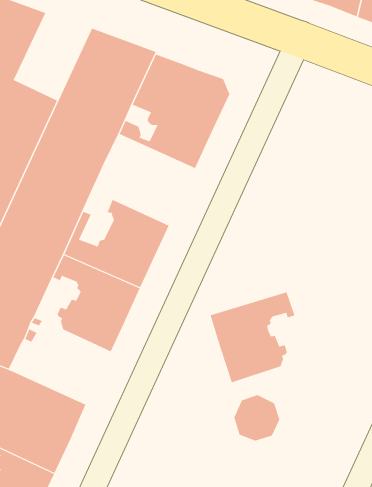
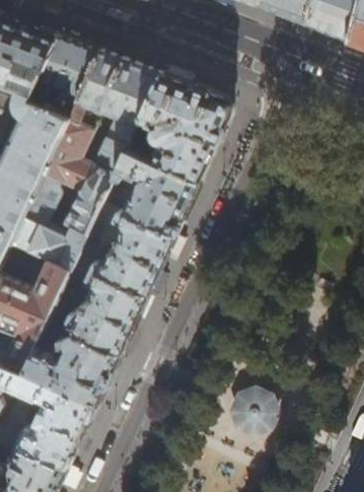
building: none -> [26,38,97,120]
building: none -> [111,151,196,236]
building: [210,292,295,383] -> none
building: none -> [21,334,117,404]

